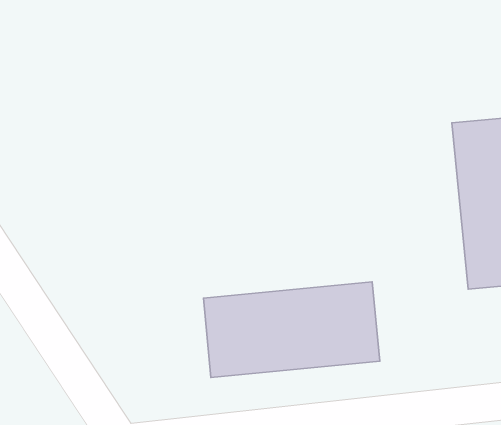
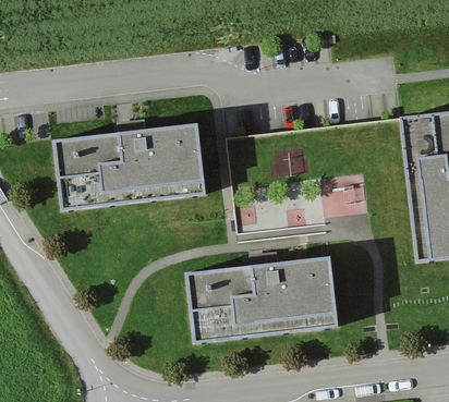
building: none -> [57,124,207,207]

